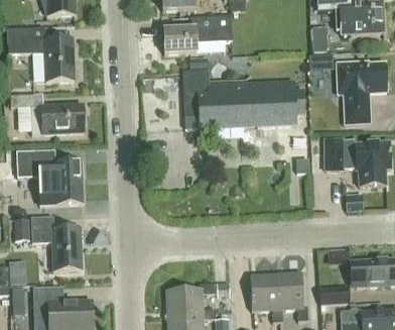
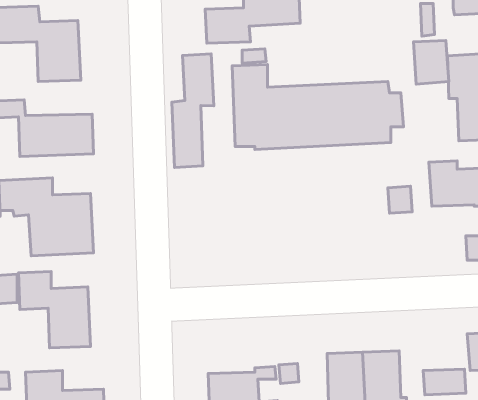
building: none -> [172,54,214,167]

